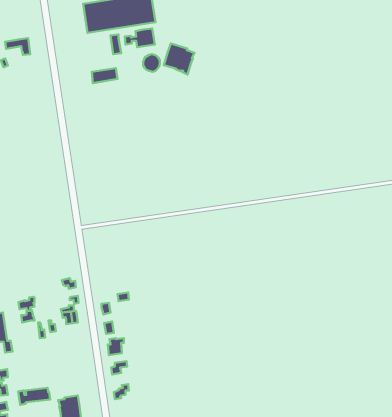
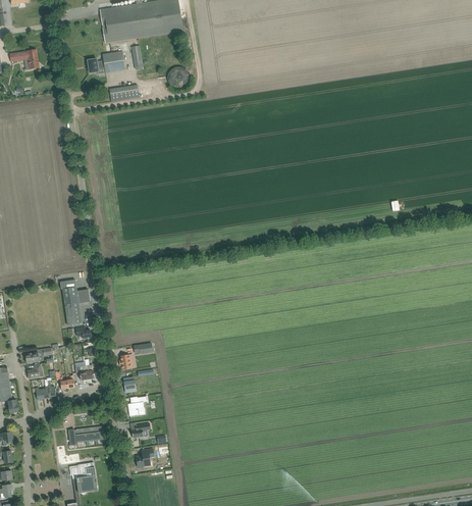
building: [125,29,155,47] -> [90,52,124,73]
building: [164,43,195,74] -> none
building: none -> [62,288,89,325]
building: [18,388,50,405] -> [67,426,104,446]

